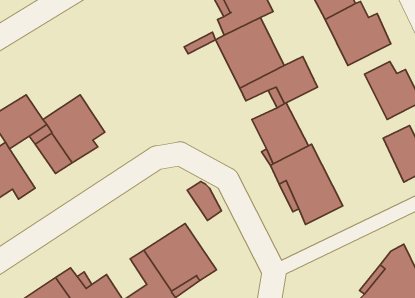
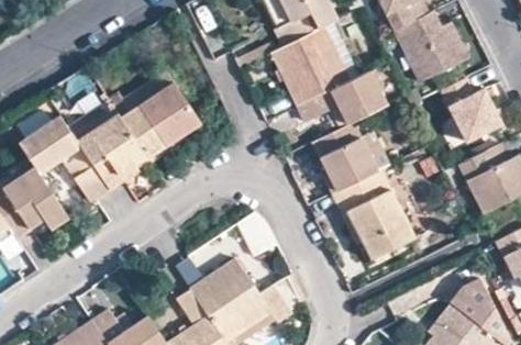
building: none -> [121,84,199,163]

